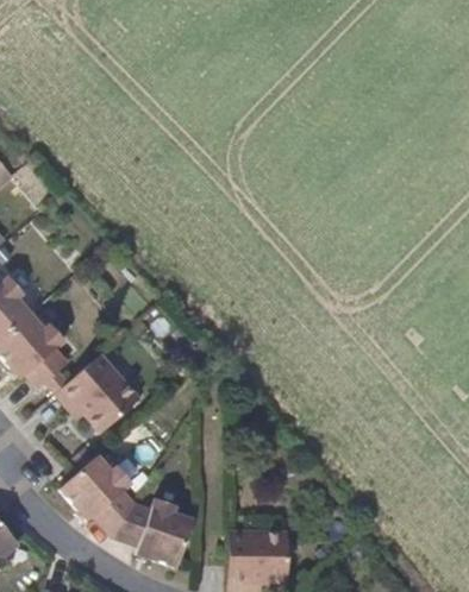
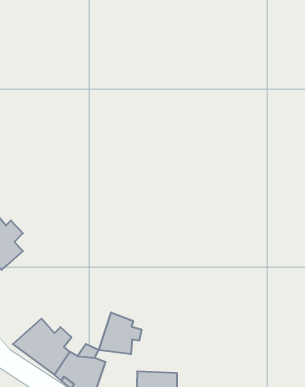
building: [55,359,131,432] -> none
building: none -> [99,312,141,354]

